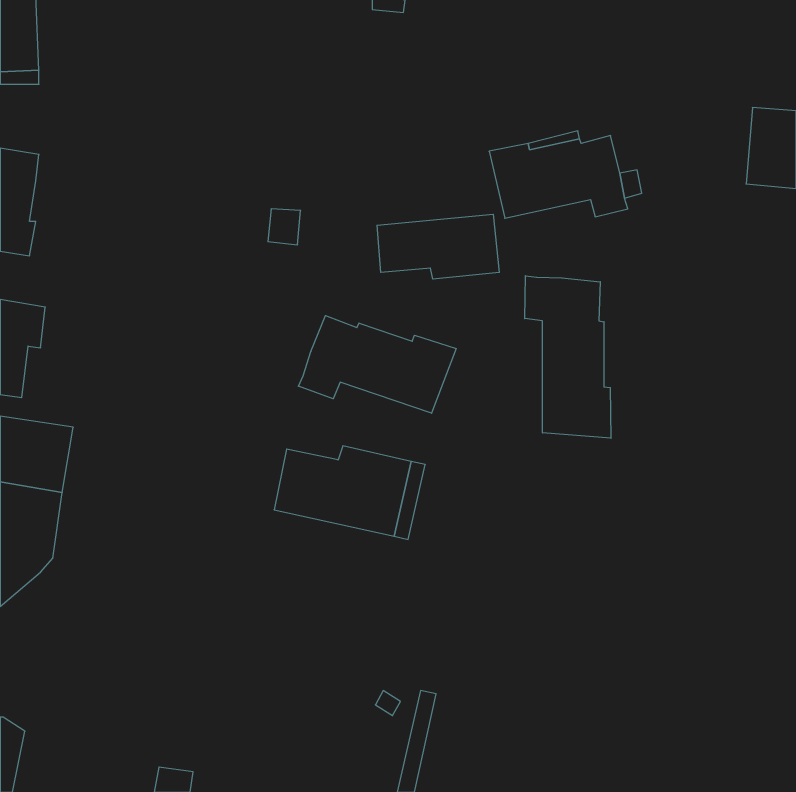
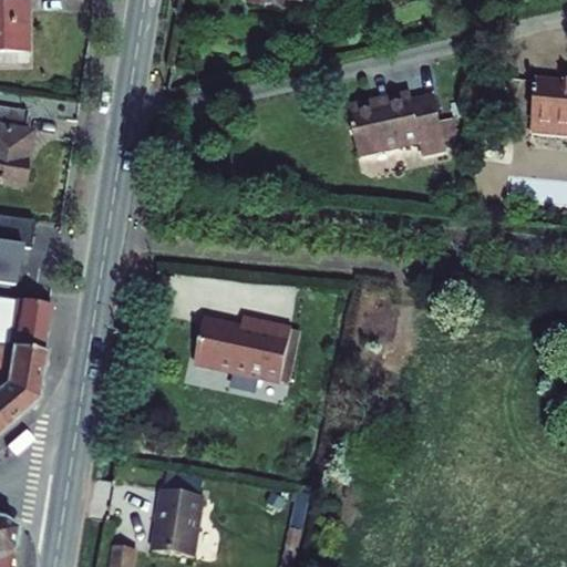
building: [377,214,499,279] -> none
building: [525,276,611,438] -> none
building: [298,316,456,413] -> none
building: none -> [153,488,204,557]

